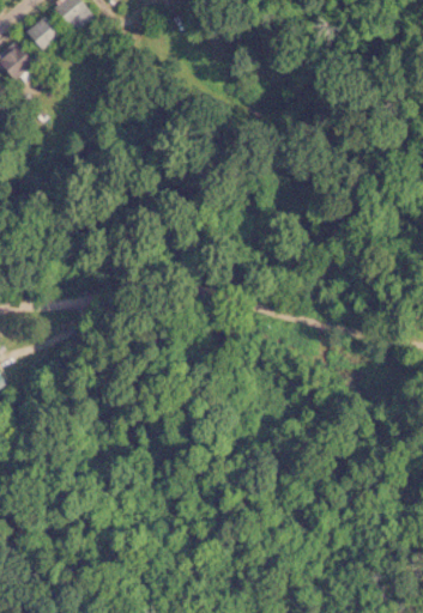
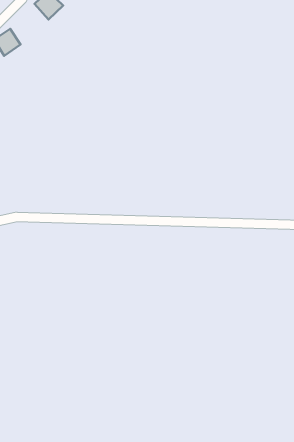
building: [24,16,61,51] -> none

